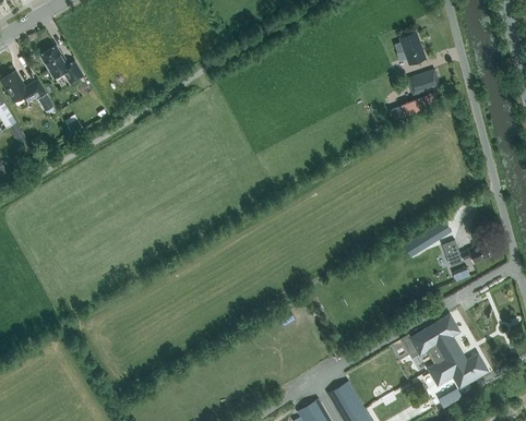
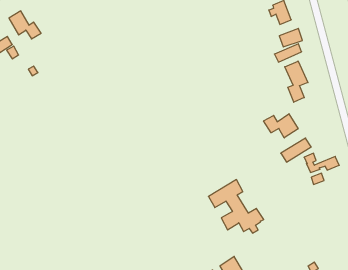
building: none -> [285,61,308,102]
building: none -> [264,114,298,138]
building: [411,316,487,389] -> [208,180,264,233]

